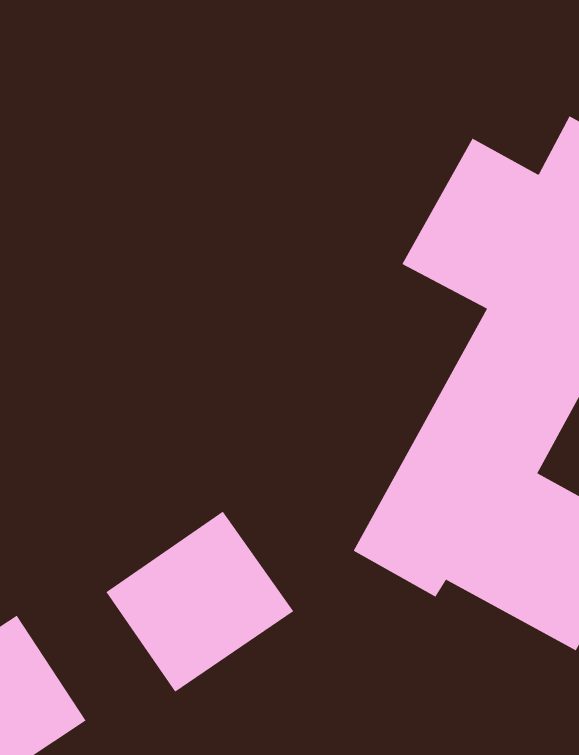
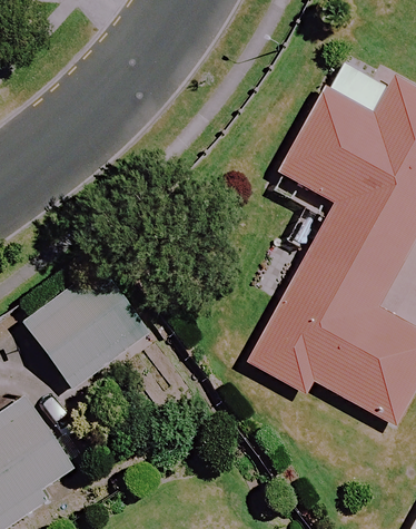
building: [106,511,294,692] -> [29,271,150,388]

